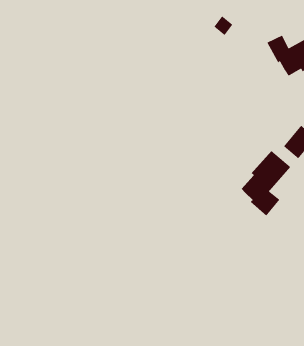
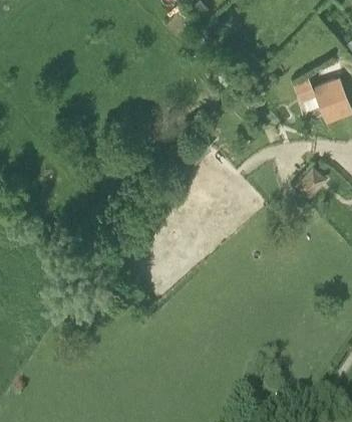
building: [241,150,291,216] -> none

